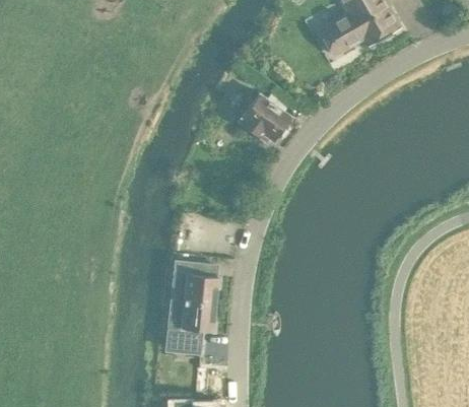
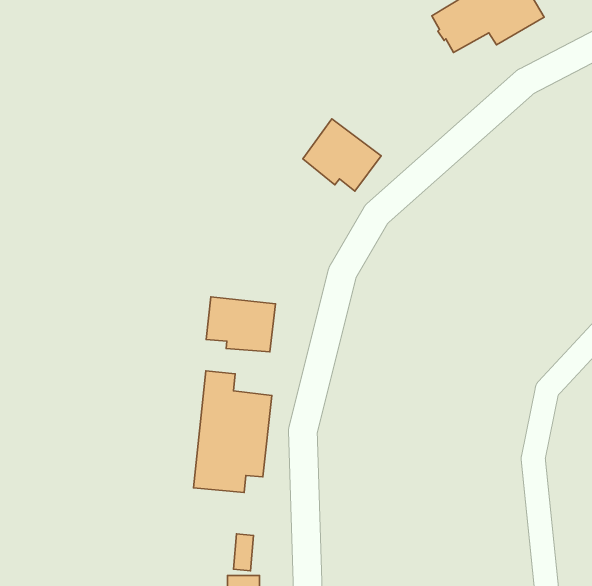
building: none -> [206,297,276,352]

